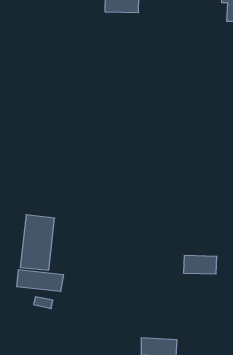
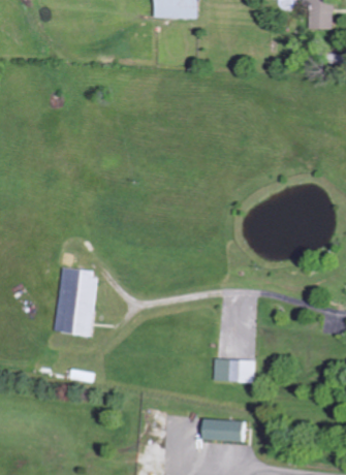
building: [183,255,217,274] -> [213,359,254,382]
building: [17,270,63,292] -> none

